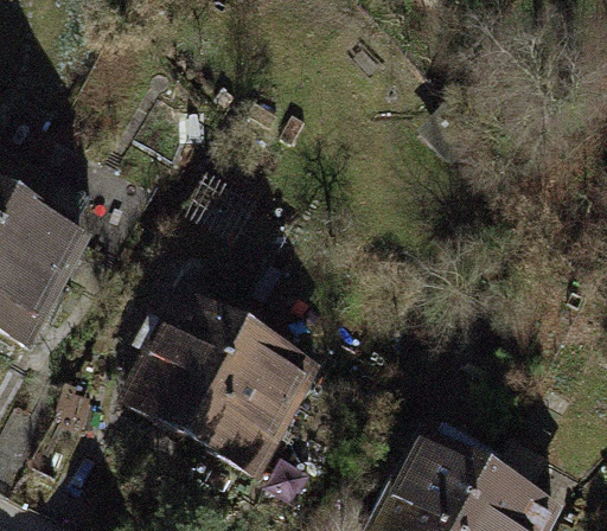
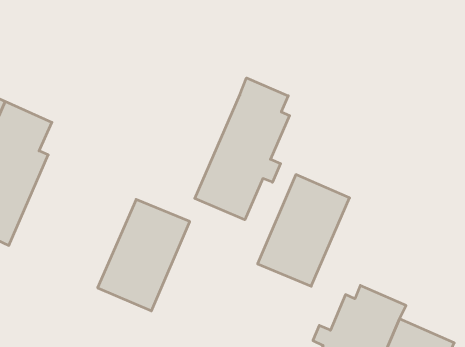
building: none -> [195,78,290,220]
building: [189,332,308,469] -> [258,175,350,286]

